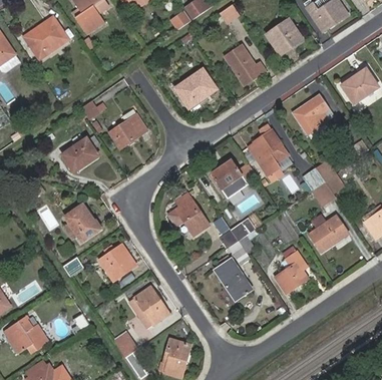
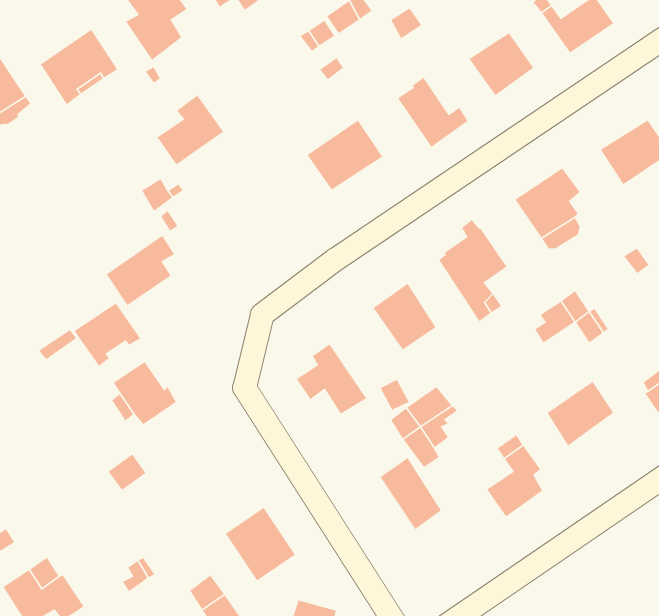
building: [109,108,147,148] -> [157,94,224,166]
building: none -> [74,303,141,367]
building: [99,245,136,282] -> none

